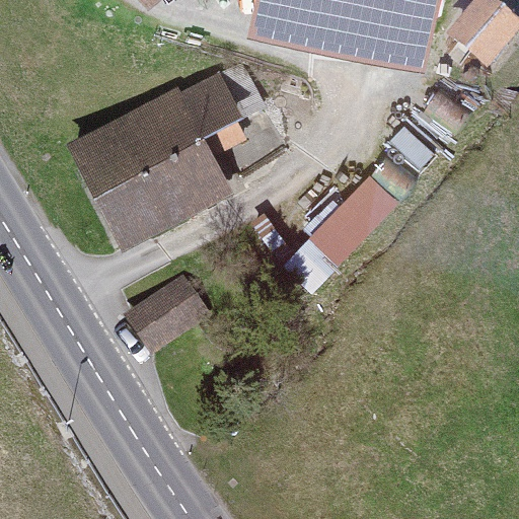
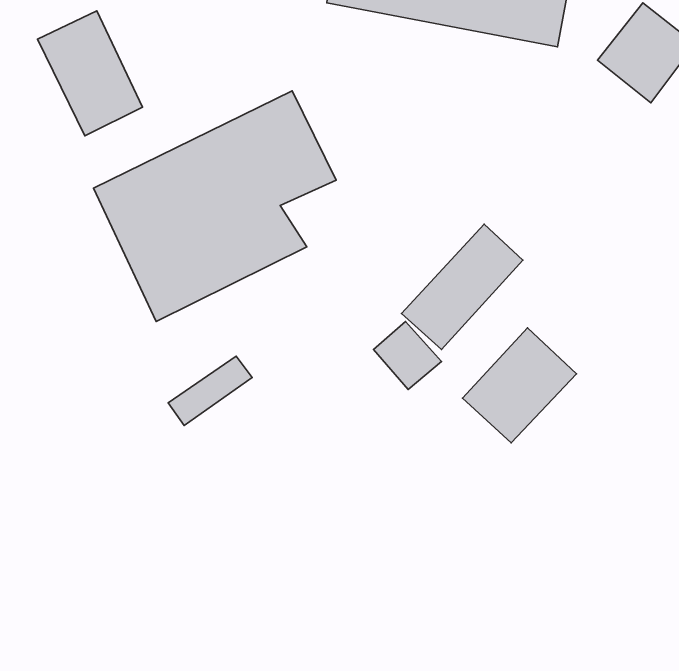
building: none -> [38,11,143,136]
building: none -> [463,328,576,443]

